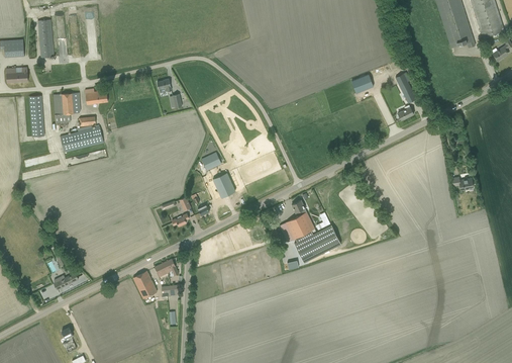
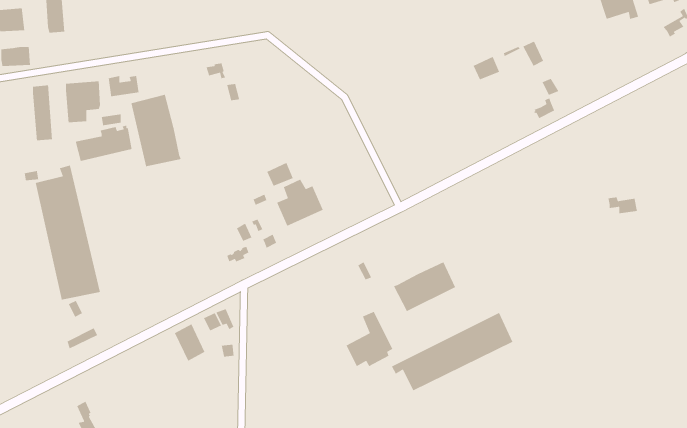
building: none -> [130,94,182,167]
building: none -> [35,165,101,301]
building: [280,200,315,242] -> [345,311,394,367]
building: none -> [391,312,513,391]

